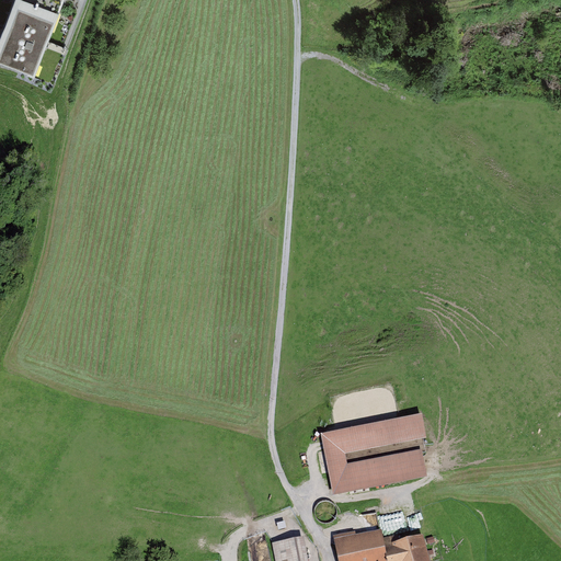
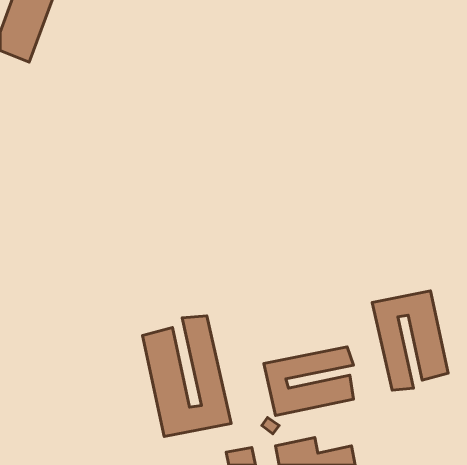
building: none -> [372,291,448,390]
building: none -> [143,316,231,437]

